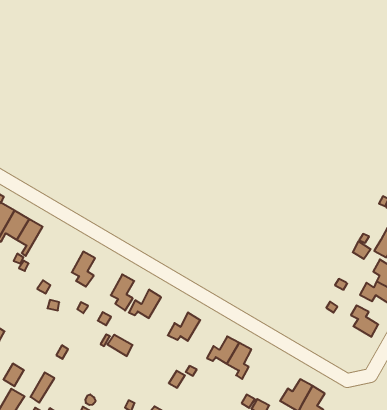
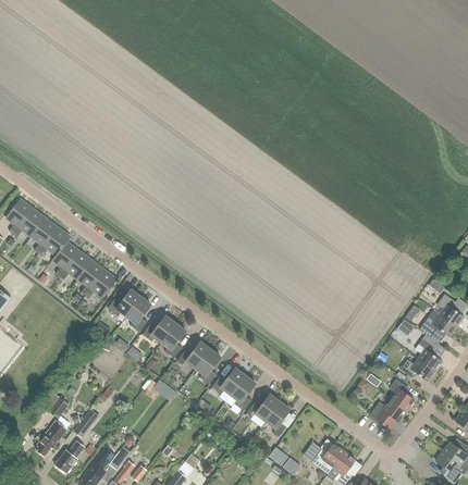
building: none -> [84,269,116,297]
building: none -> [107,288,139,315]
building: none -> [141,314,174,341]
building: none -> [195,349,220,384]
building: none -> [230,375,255,410]
building: none -> [369,398,406,427]

